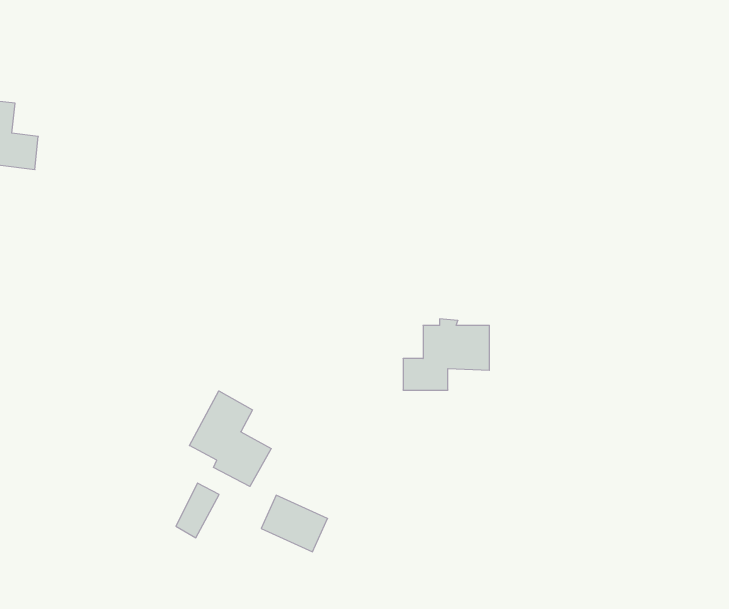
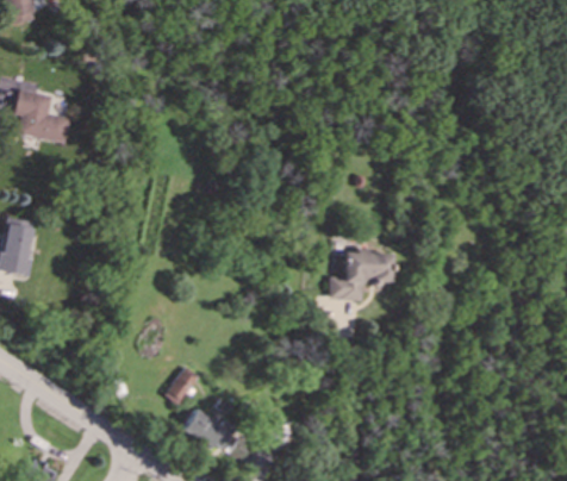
building: [189,391,271,486] -> none
building: [261,495,328,552] -> [183,410,231,450]

